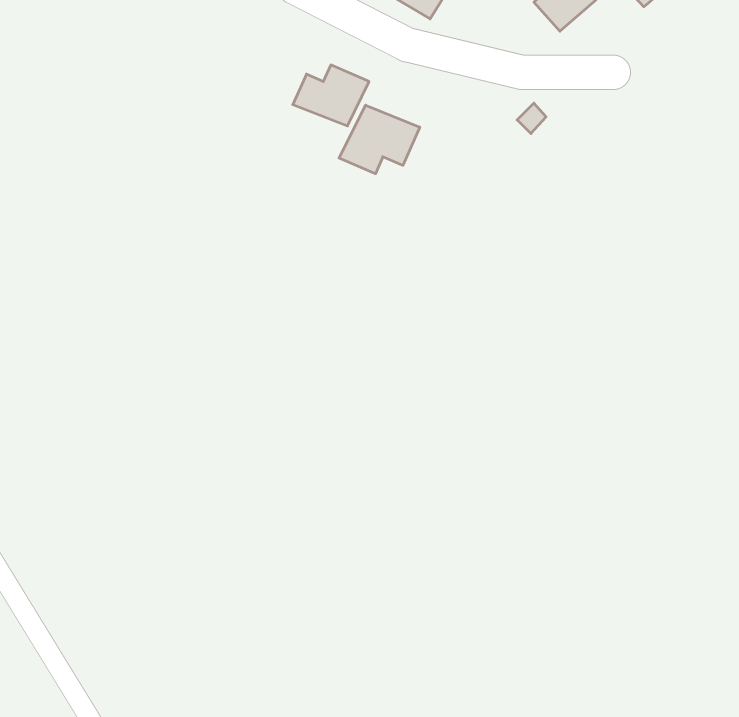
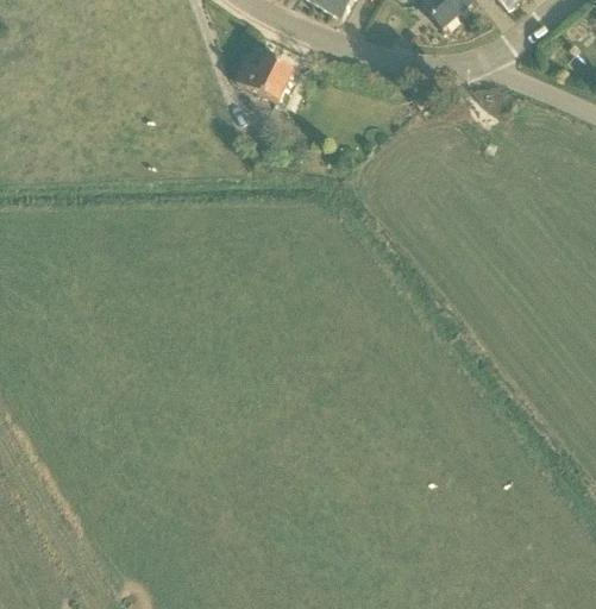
building: [339,105,420,174] -> none

